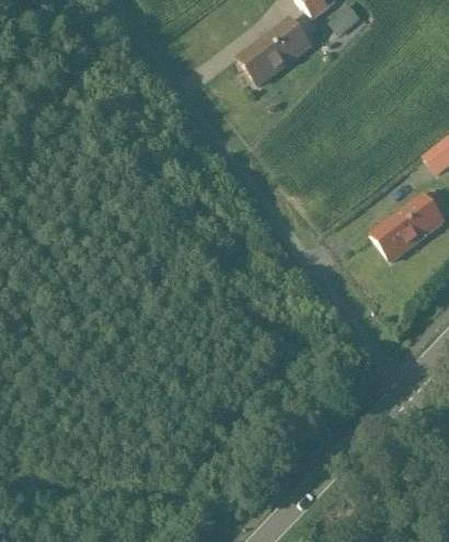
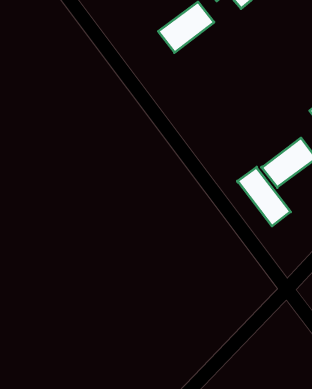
building: none -> [237,167,291,226]

